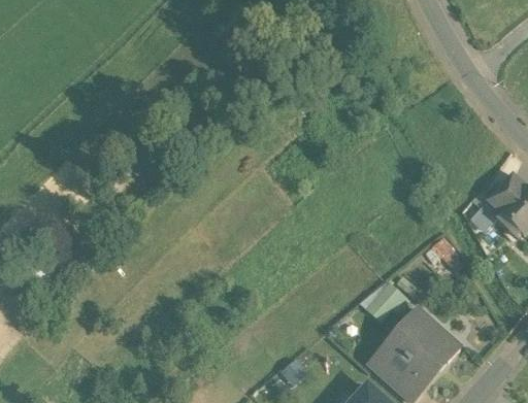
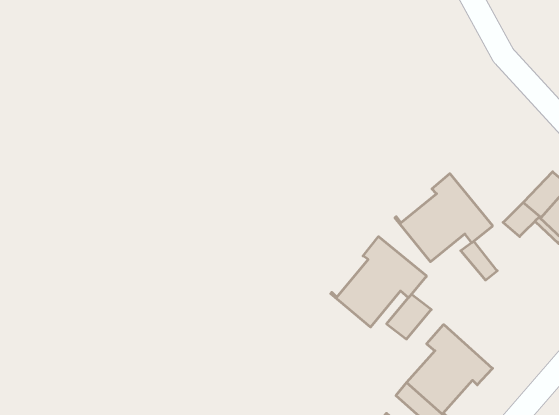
building: none -> [395,174,492,262]
building: none -> [331,237,426,327]

